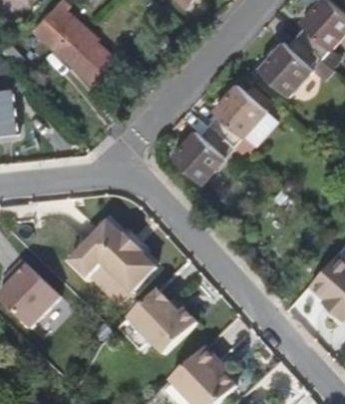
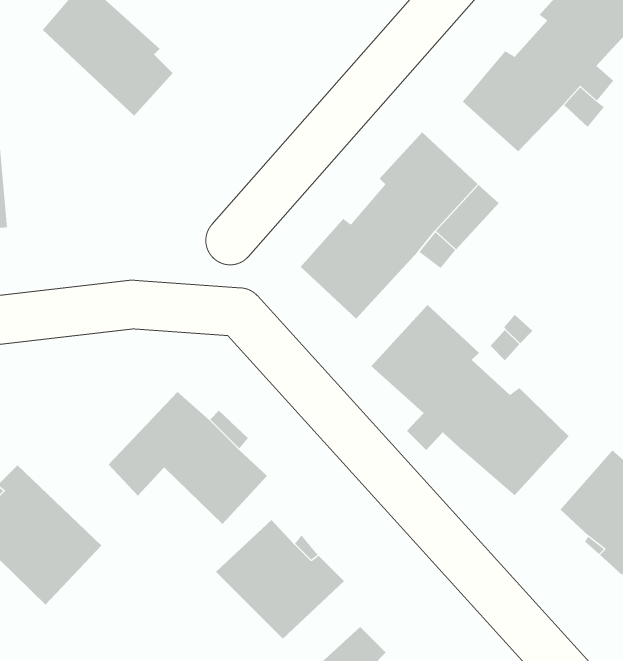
building: none -> [371,304,570,496]

